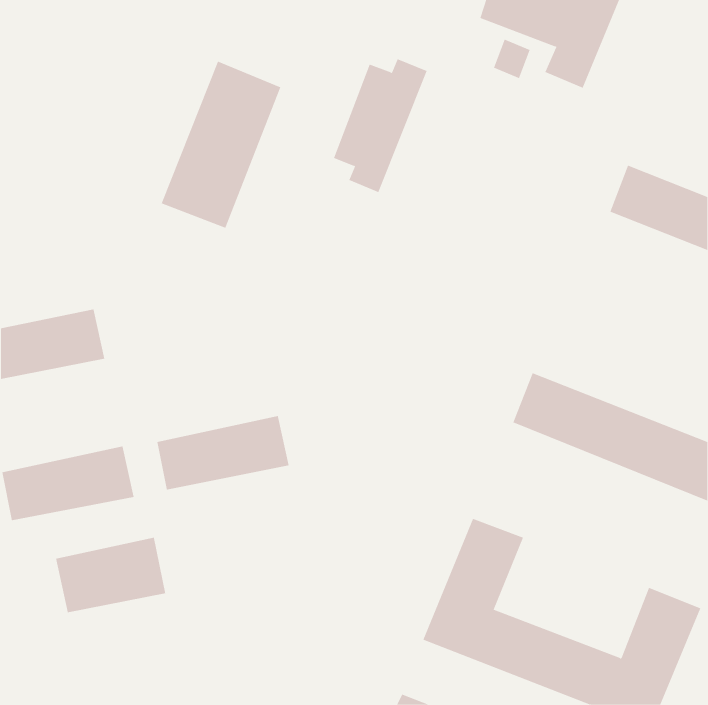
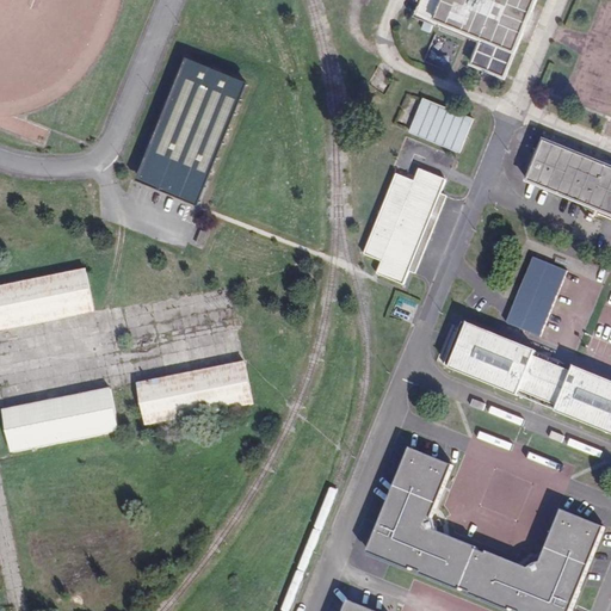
building: [333,58,427,193] -> [360,168,442,284]
building: none -> [409,94,475,150]
building: none -> [507,253,568,333]
building: [55,537,166,613] -> none

